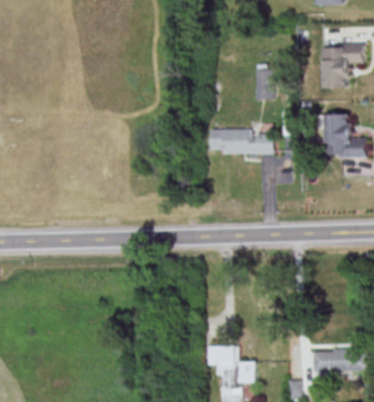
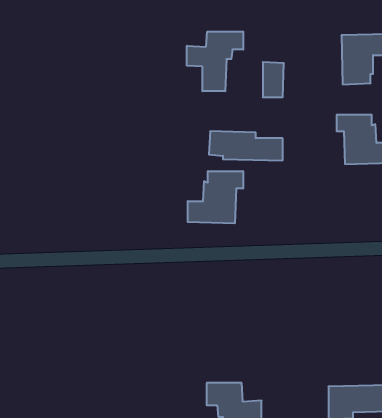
building: none -> [187,32,243,91]
building: none -> [188,171,243,223]

